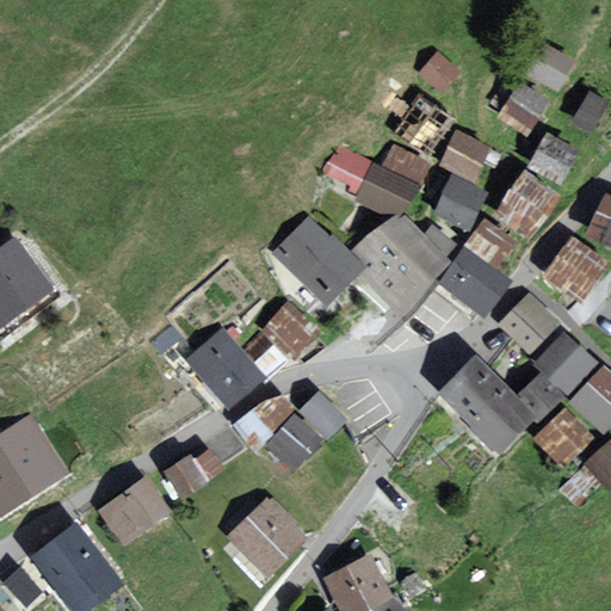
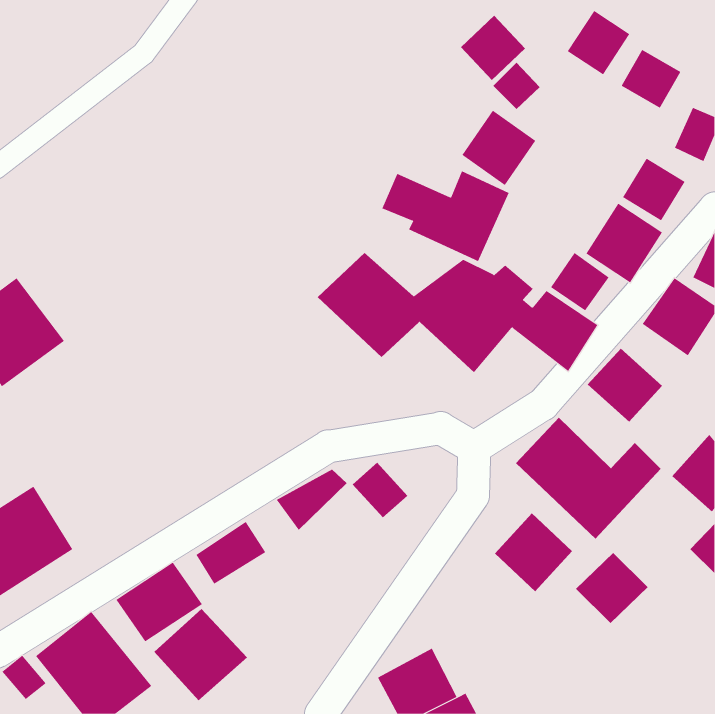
building: none -> [460,15,526,81]
building: [496,84,550,138] -> [567,10,630,75]
building: [439,131,493,183] -> none
building: [433,180,486,234] -> none
building: [259,292,315,348] -> none
building: [187,326,258,399] -> none
building: [531,333,598,399] -> none
building: [532,408,594,469] -> [575,552,649,624]
building: [266,415,323,473] -> none
building: none -> [494,513,573,592]
building: [229,496,309,575] -> [154,608,248,701]

